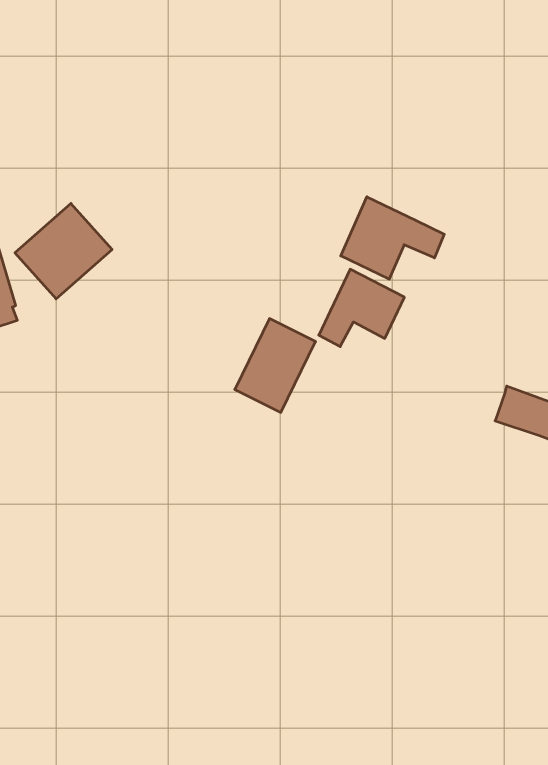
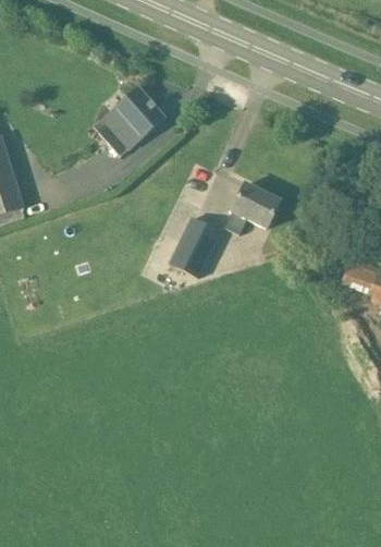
building: [341,197,444,279] -> none
building: [15,203,112,299] -> [100,86,164,149]

